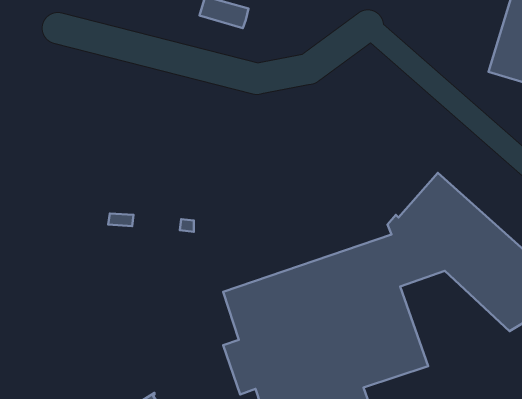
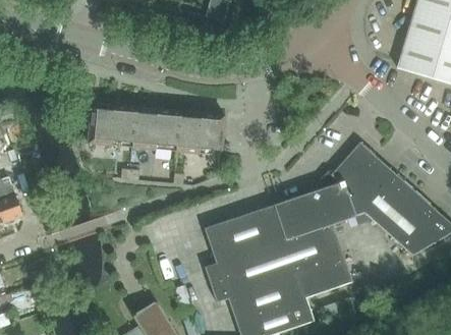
building: none -> [89,103,225,153]

